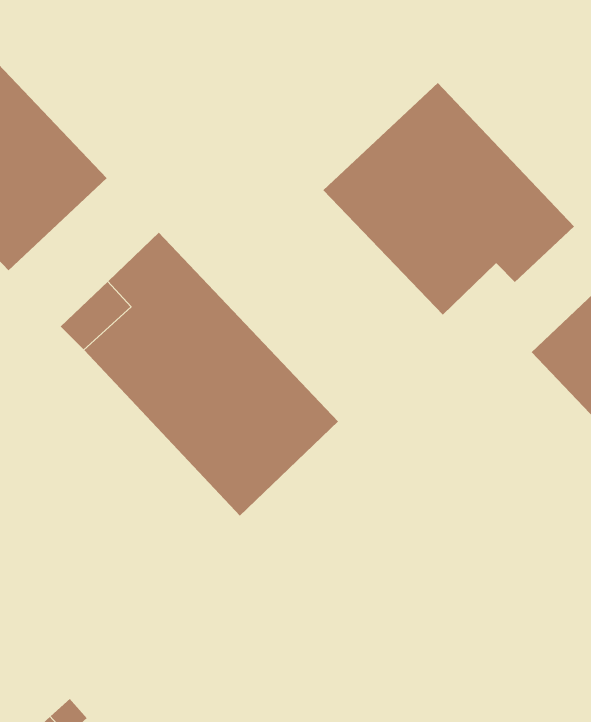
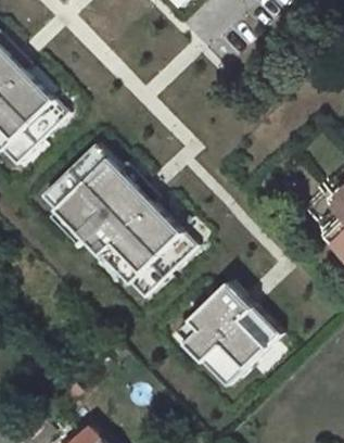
building: [323,82,575,316] -> none
building: none -> [175,286,280,391]

